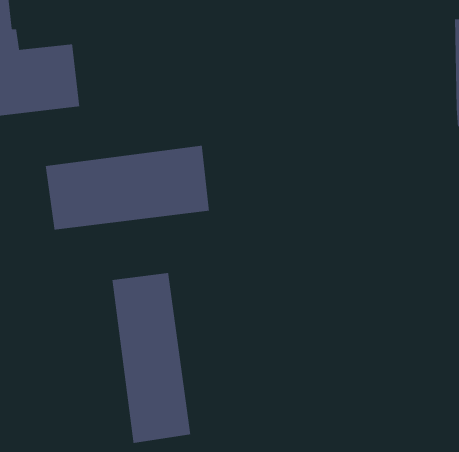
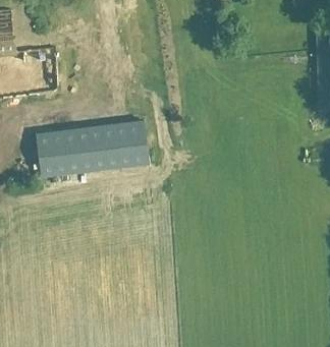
building: [111,272,191,444] -> none

